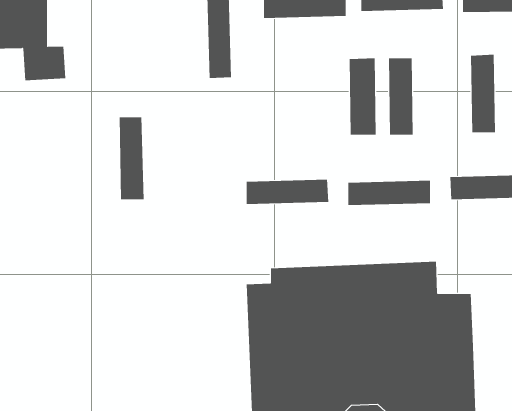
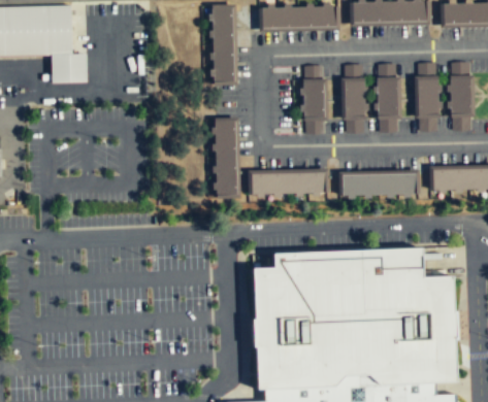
building: none -> [415,63,438,132]
building: none -> [302,66,324,135]
building: [119,117,144,200] -> [217,122,239,196]

